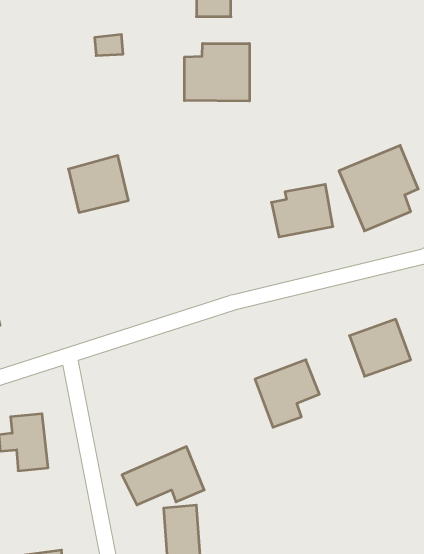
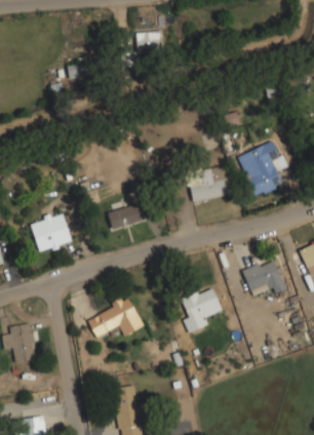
building: [184,43,249,101] -> none
building: [68,156,128,212] -> [31,213,72,252]
building: none -> [108,205,141,230]
building: [122,447,204,505] -> [86,298,143,338]

